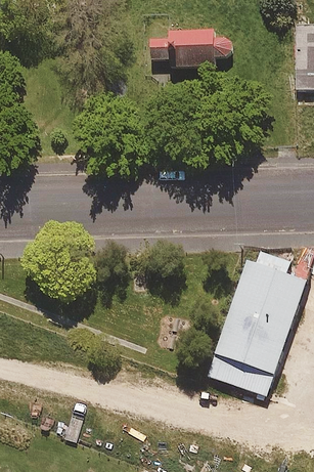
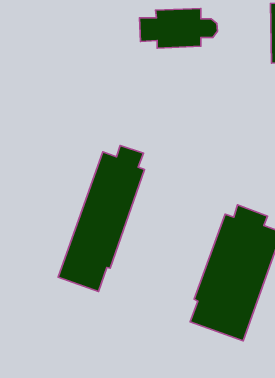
building: none -> [58,146,145,292]

